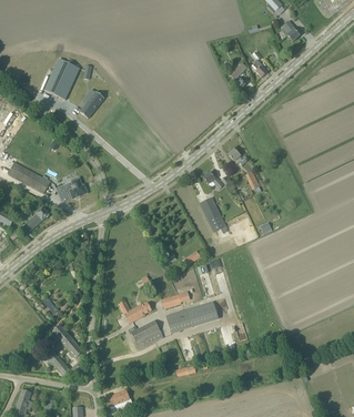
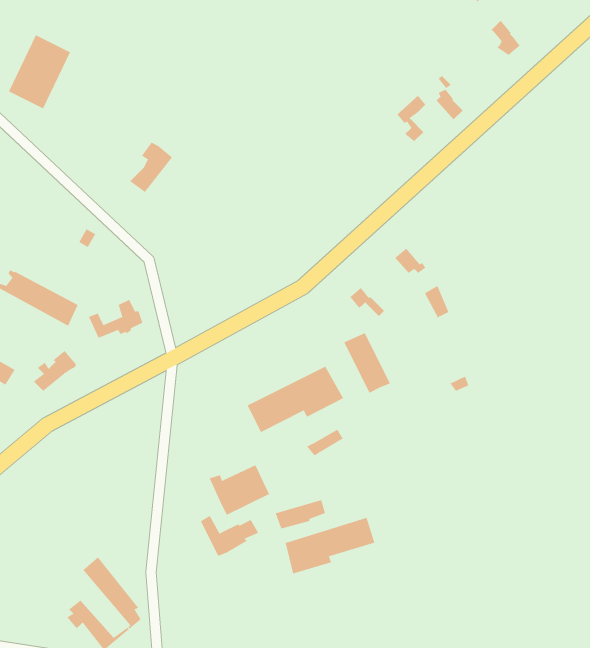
building: [42,57,78,99] -> [8,35,71,109]
building: none -> [247,366,344,433]
building: [128,319,162,348] -> [209,465,270,516]

